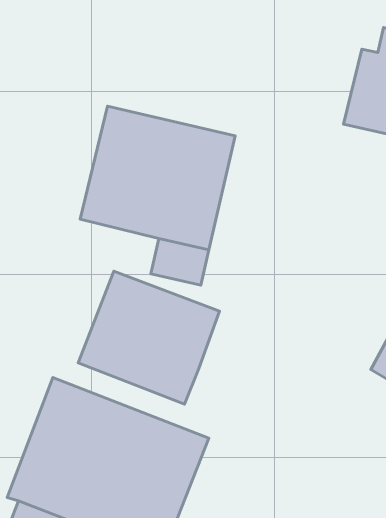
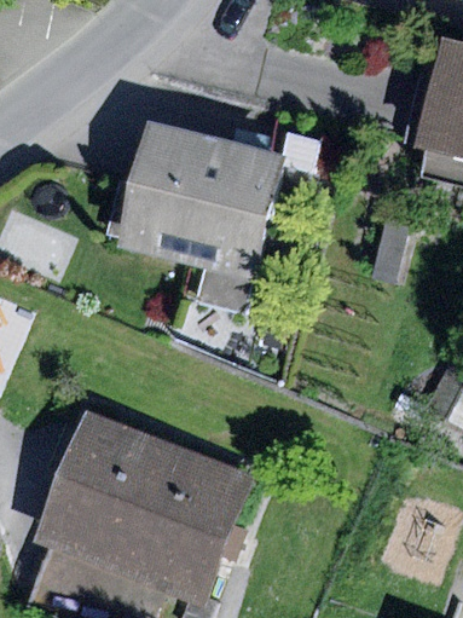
building: [78,271,220,404] -> none

